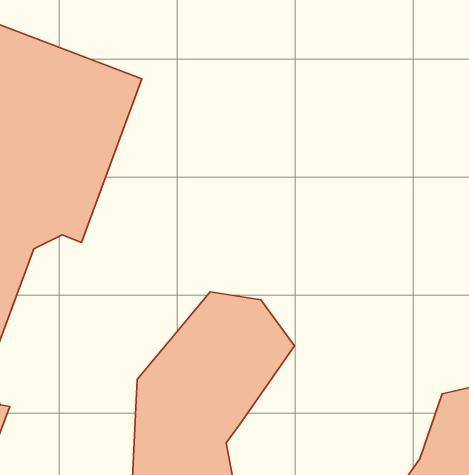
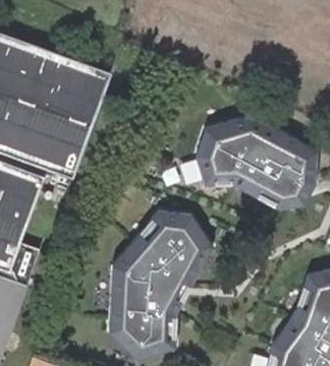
building: none -> [191,118,315,223]

